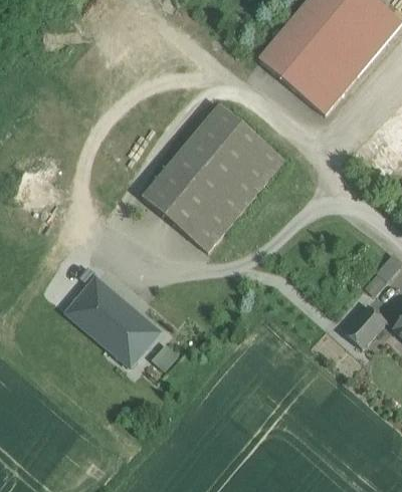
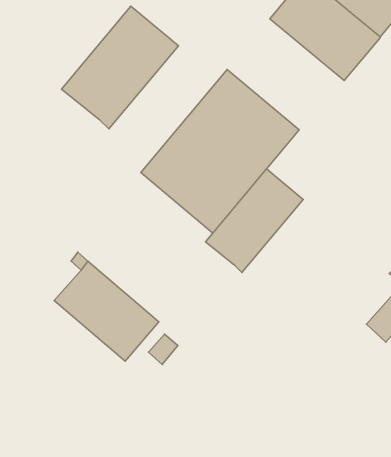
building: none -> [61,6,178,129]
building: none -> [205,169,303,272]

